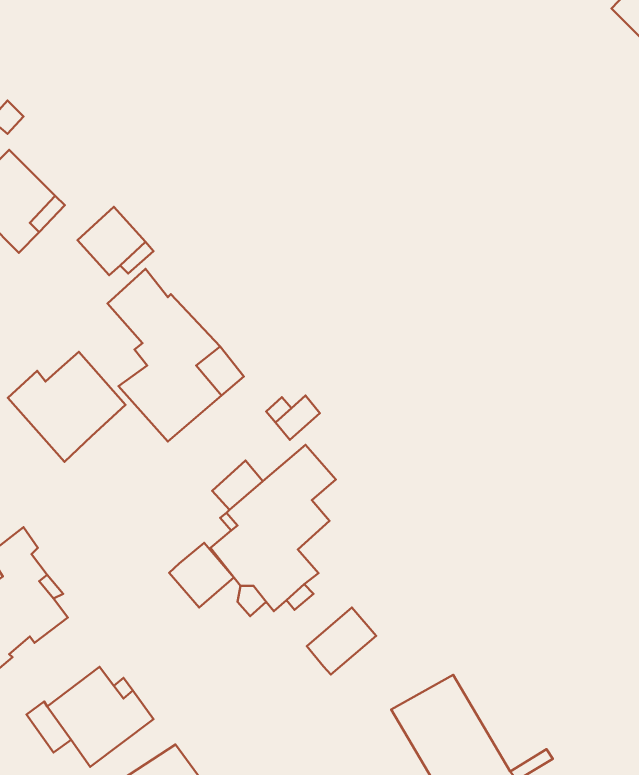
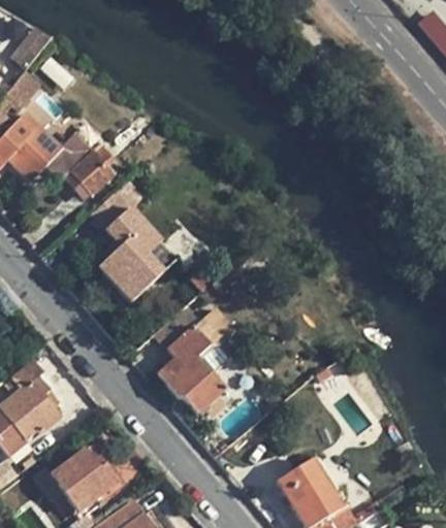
building: [8,352,126,462] -> none
building: [169,543,234,607] -> none
building: [307,608,376,675] -> none

